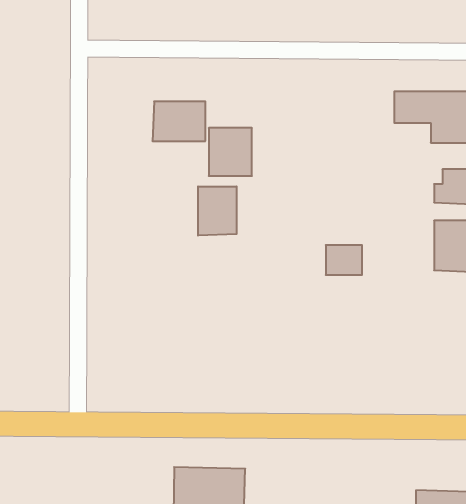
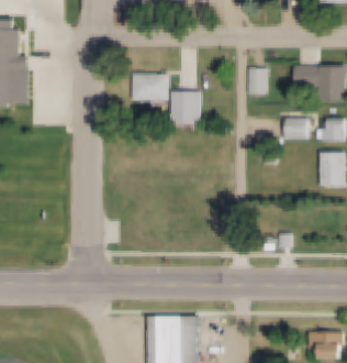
building: none -> [246,69,266,94]
building: [198,186,237,236] -> none
building: [326,245,362,275] -> [283,120,307,140]

